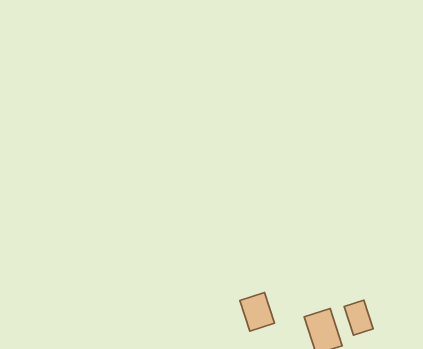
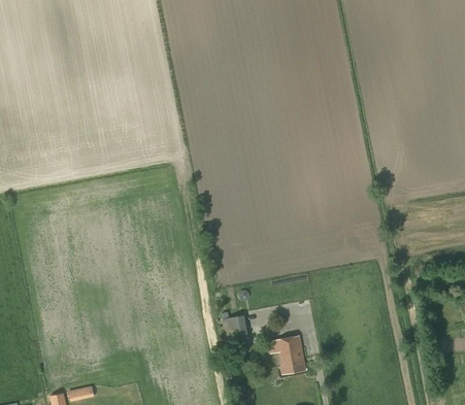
building: [344,300,373,335] -> none

